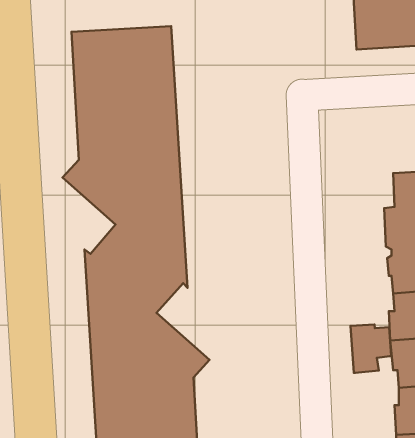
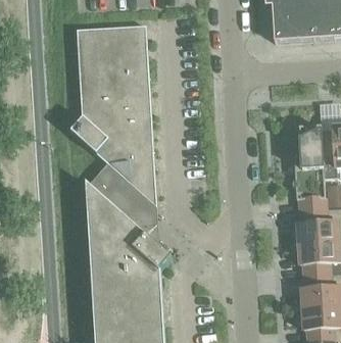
building: [350,325,391,373] -> none

